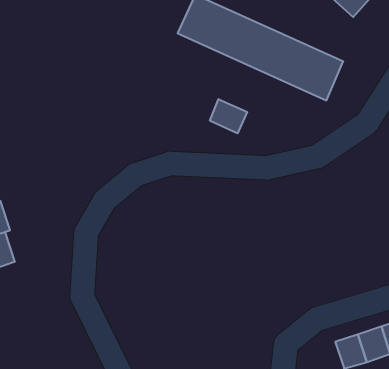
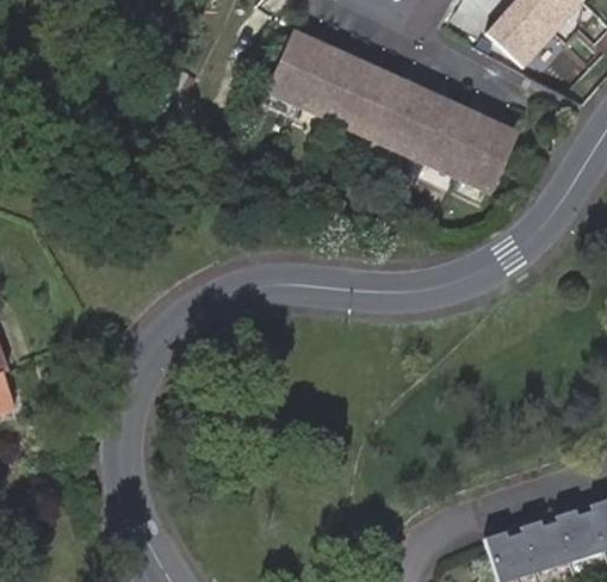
building: [210,99,247,133] -> none

